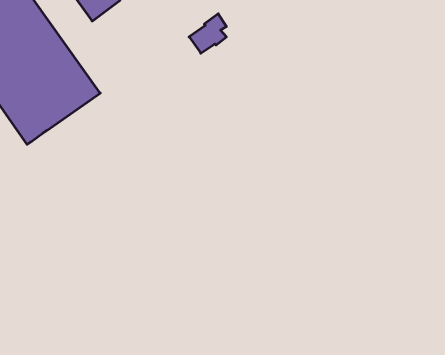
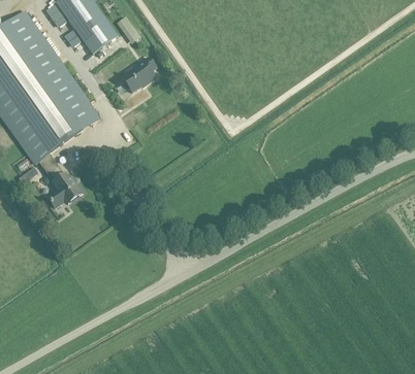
building: [189,14,226,53] -> [122,56,155,91]
building: none -> [37,151,82,206]

